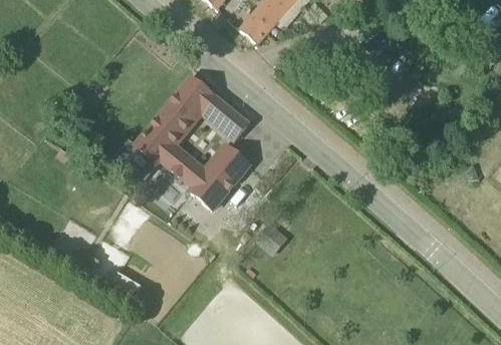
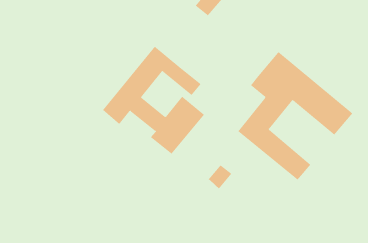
building: none -> [237,51,353,181]

